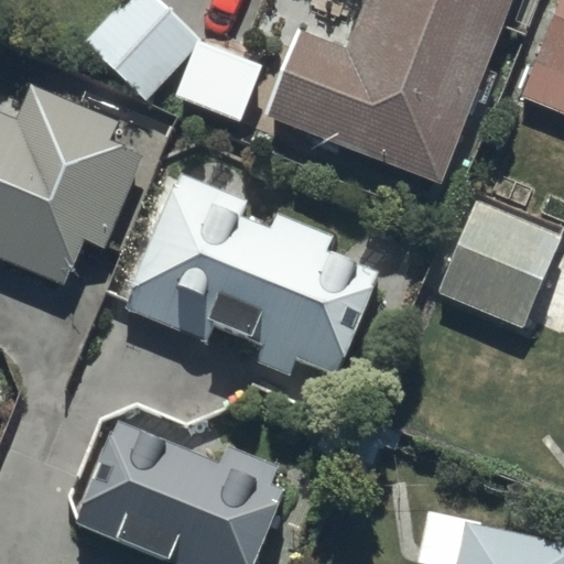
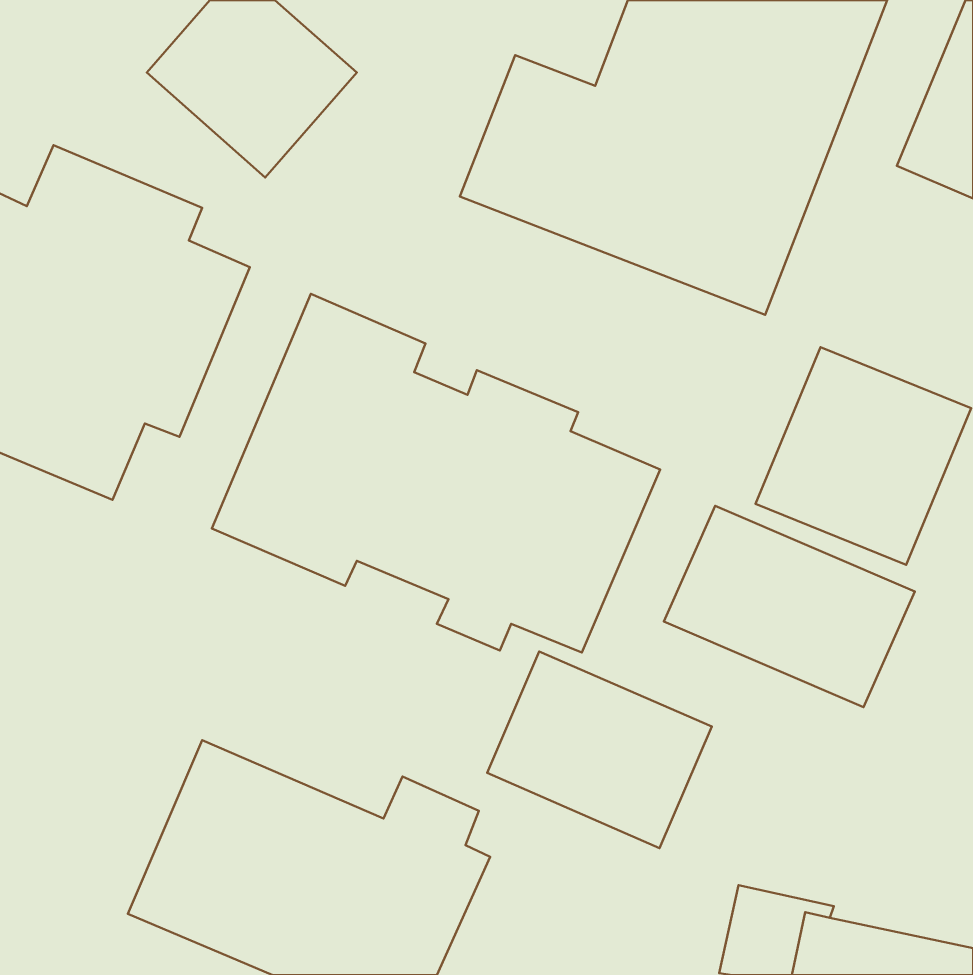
building: none -> [664,506,915,707]
building: none -> [487,652,712,848]

